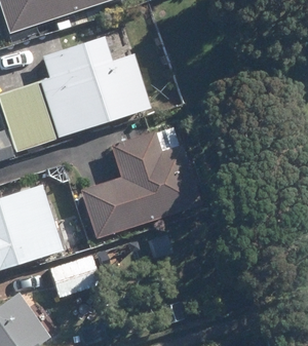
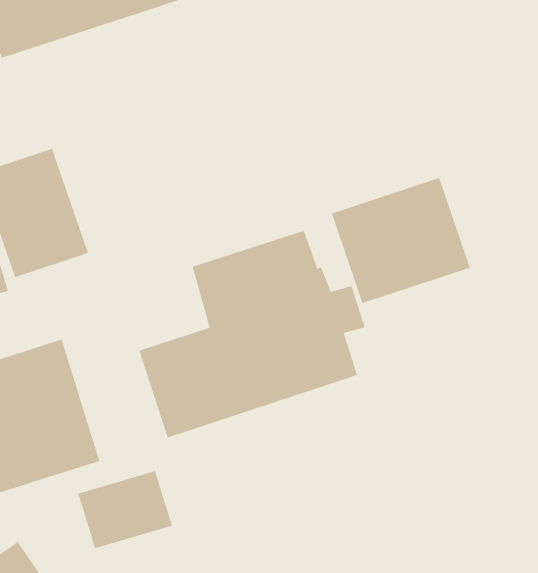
building: [39,37,149,137] -> none
building: none -> [331,177,470,304]

